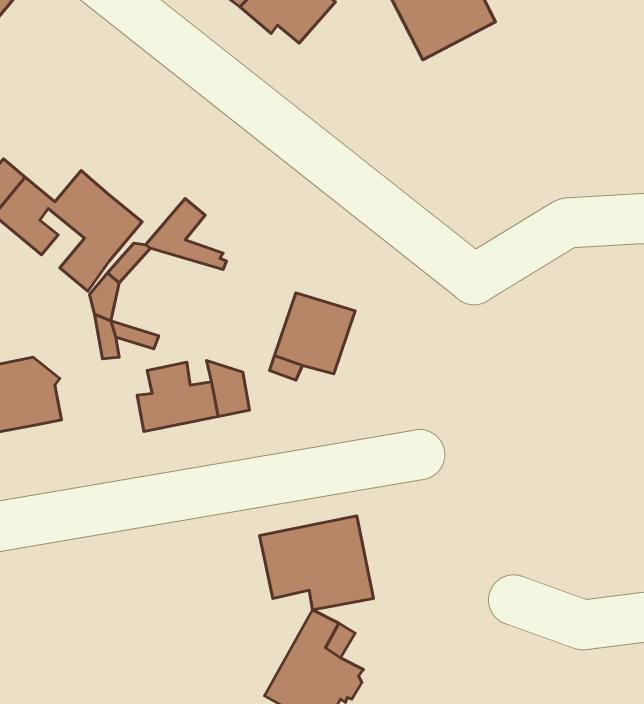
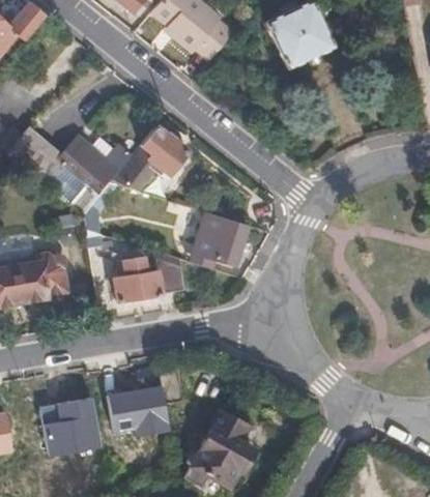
building: none -> [139,126,185,172]
building: [259,516,373,610] -> [109,380,180,439]
building: none -> [41,398,106,457]

